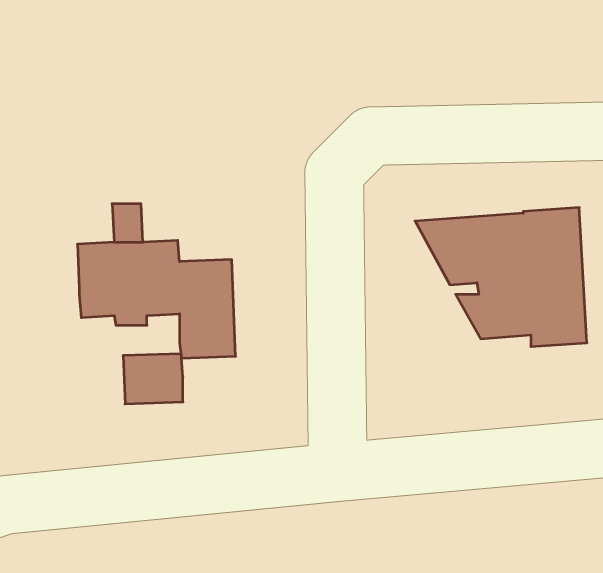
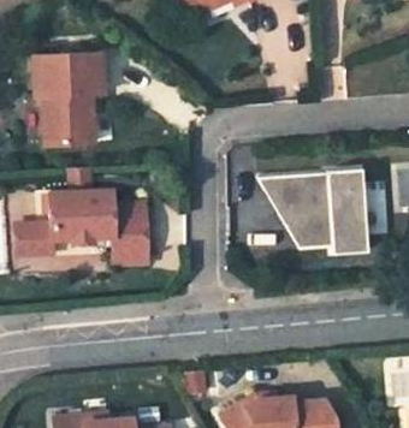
building: none -> [35,50,103,143]
building: [123,354,183,404] -> [14,222,52,254]

